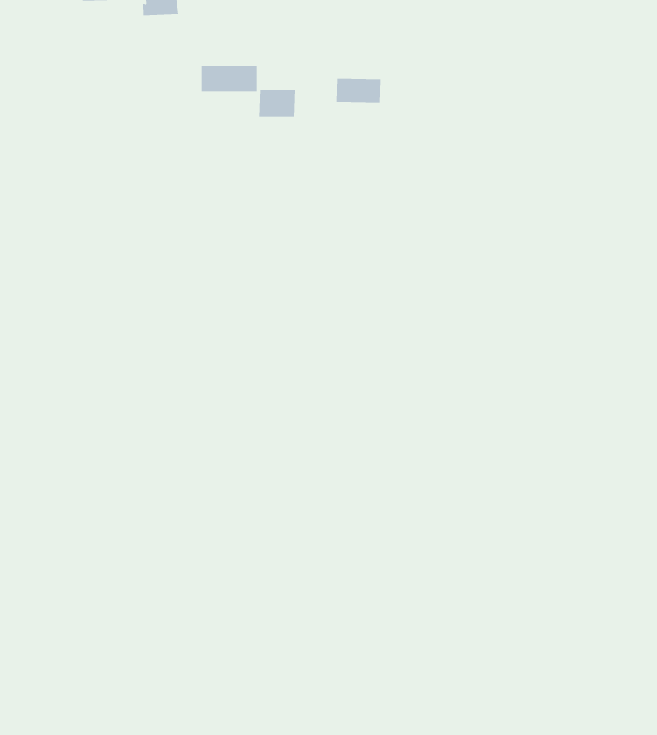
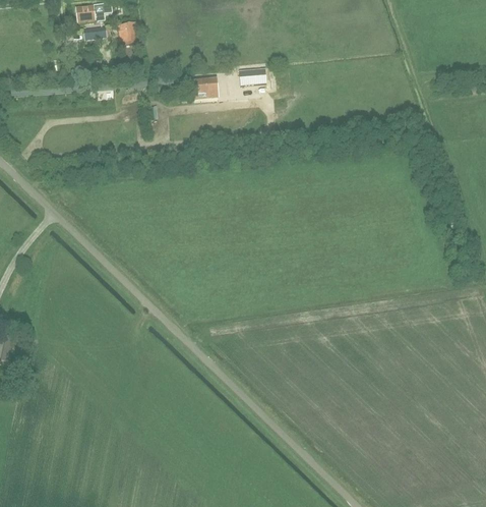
building: [201,65,257,92] -> none

